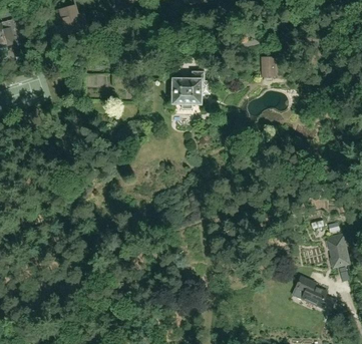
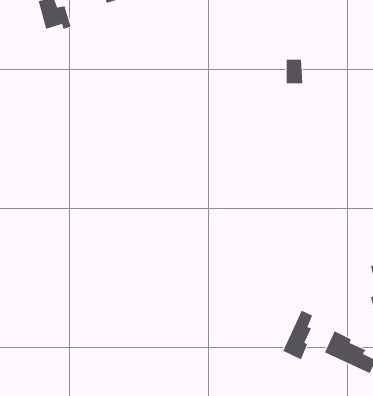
building: [171,70,209,101] -> none
building: none -> [282,310,313,360]

